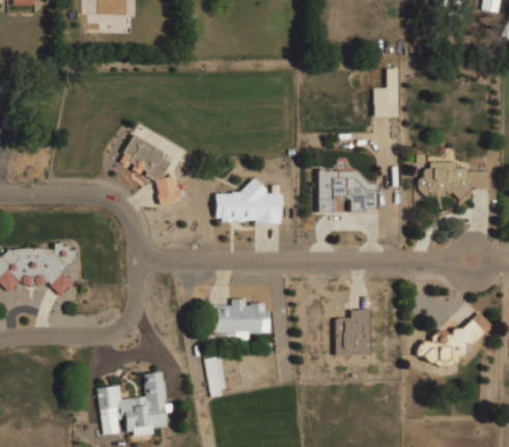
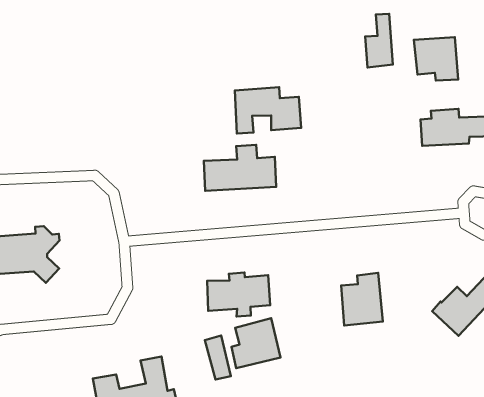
building: none -> [414,37,458,81]
building: [119,136,181,205] -> none
building: [317,171,377,212] -> [235,87,301,134]
building: none -> [232,318,280,368]

